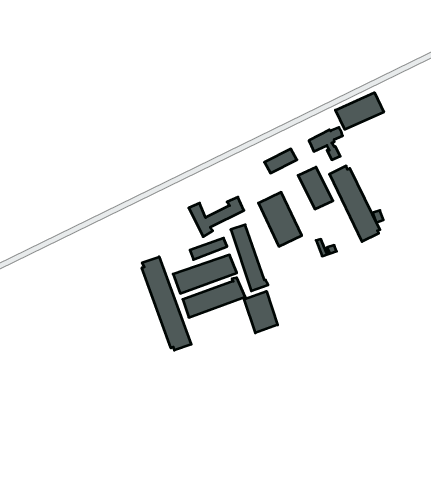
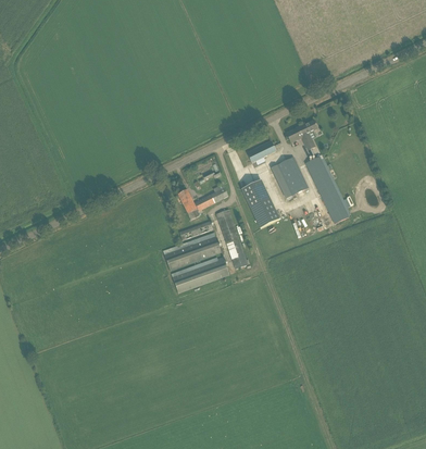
building: [335,93,384,129] -> none
building: [142,257,191,350] -> none
building: [244,291,278,333] -> none

